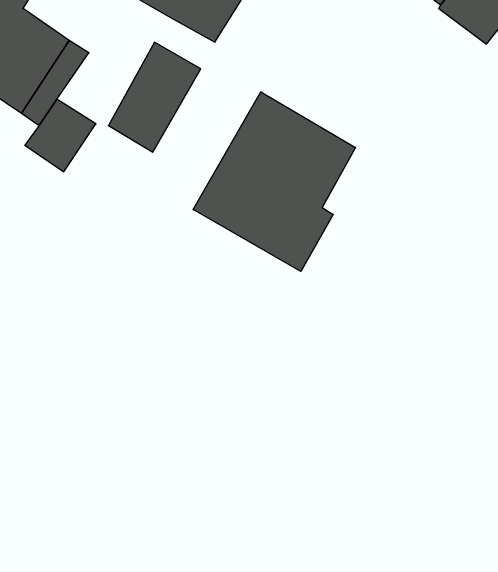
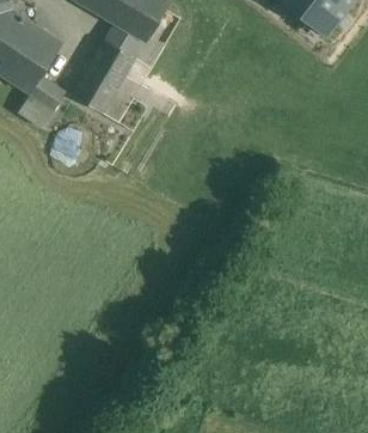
building: none -> [105,22,146,56]
building: [193,92,356,271] -> none

